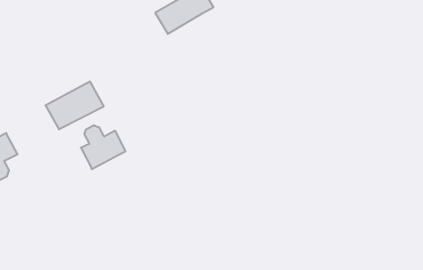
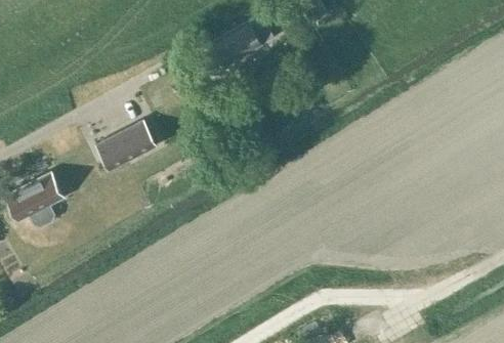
building: [81,125,125,169] -> none

